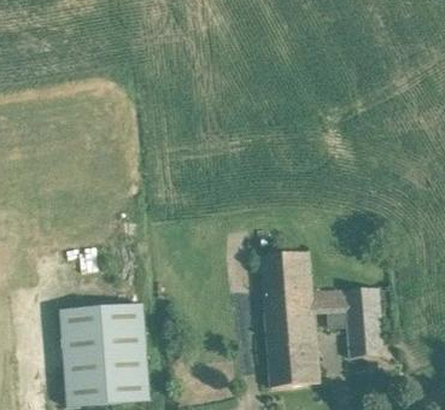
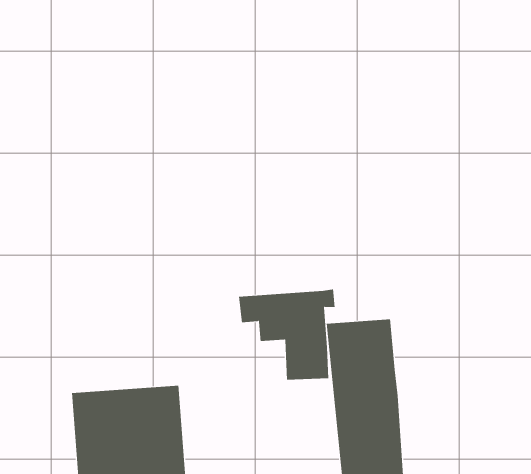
building: [311,286,387,357] -> [238,289,335,380]

